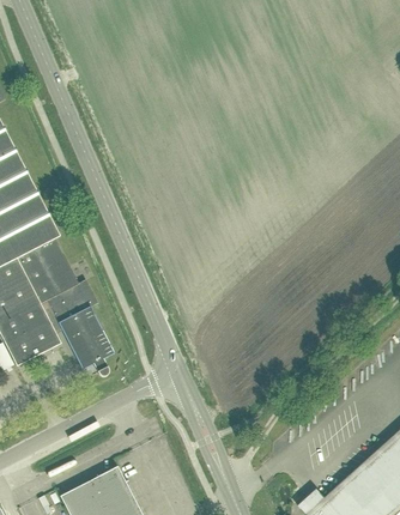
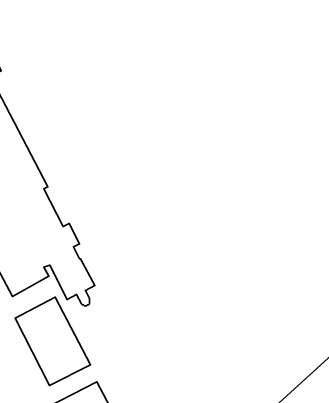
building: none -> [15,297,90,386]

